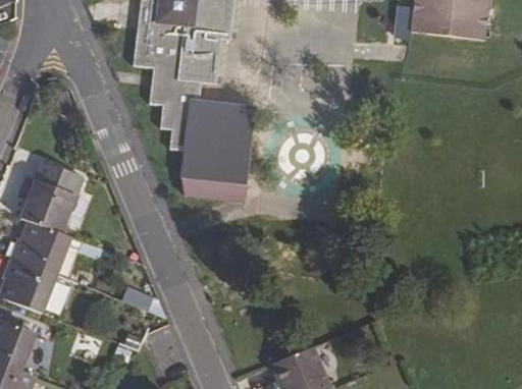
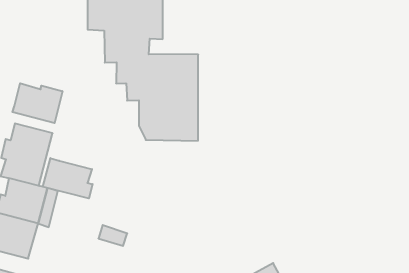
building: none -> [12,83,62,123]
building: none -> [43,158,93,198]

